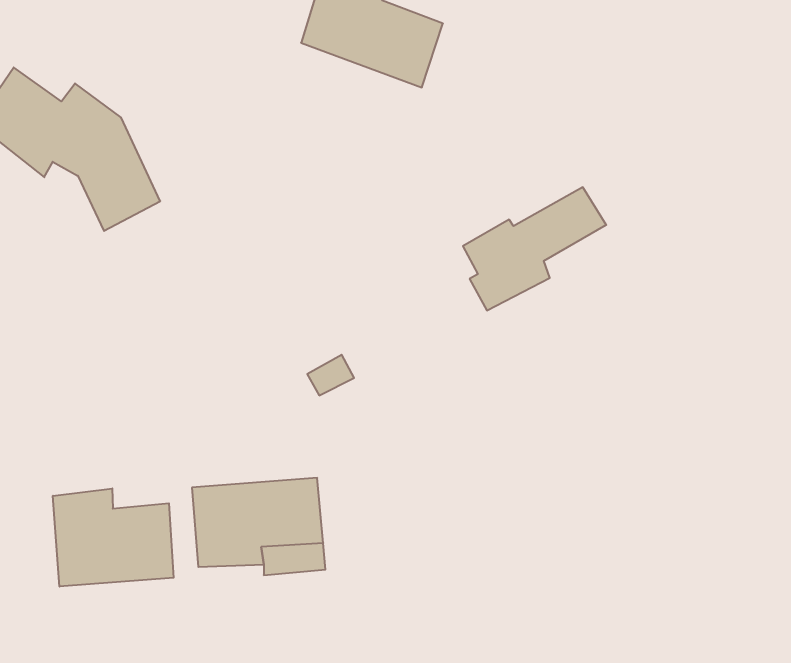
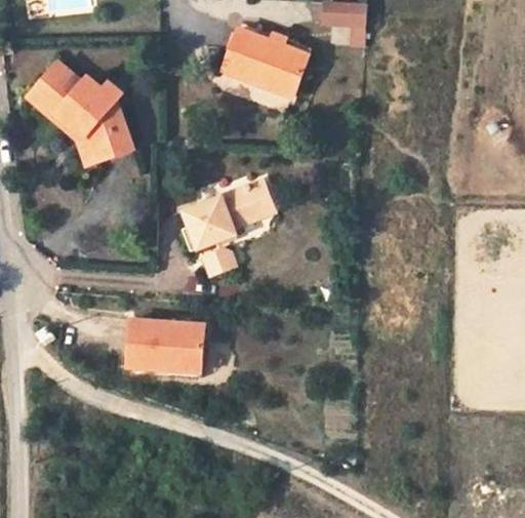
building: [463,187,606,310] -> [184,187,268,249]
building: [53,488,174,587] -> none

